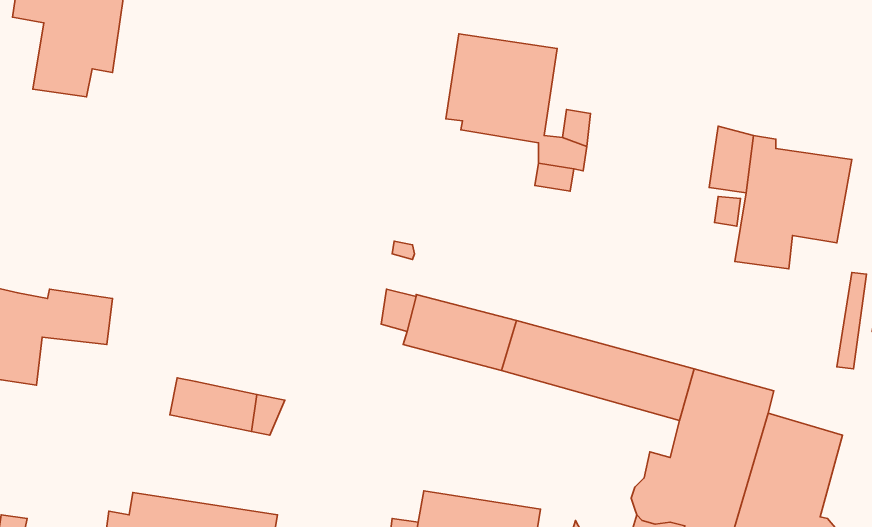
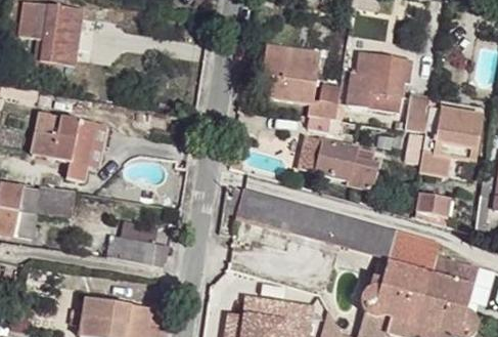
building: none -> [348,52,411,112]
building: none -> [32,113,105,181]
building: none -> [298,136,378,189]
building: none -> [414,193,450,225]

